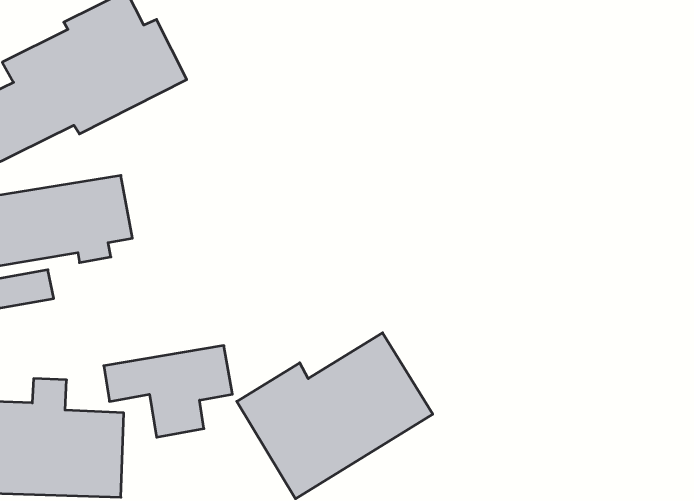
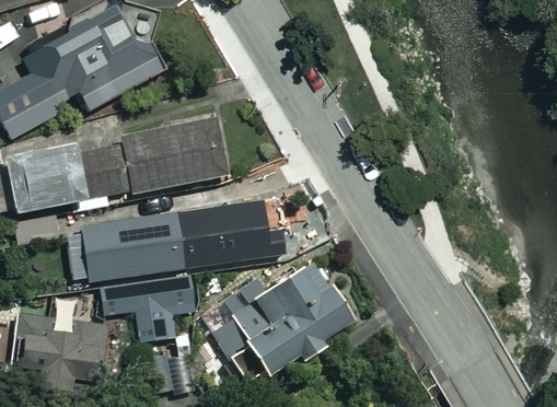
building: none -> [115,117,229,195]
building: none -> [65,196,288,284]

